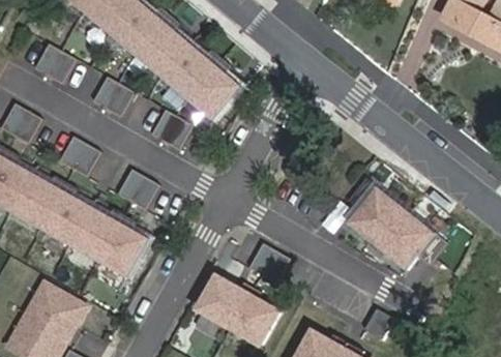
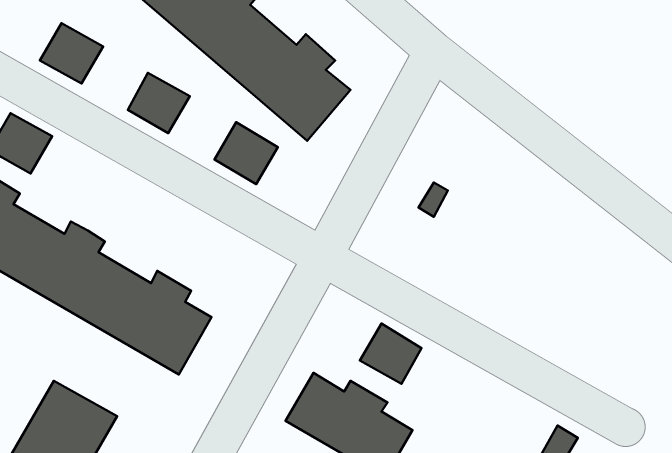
building: [58,136,99,176] -> none
building: [116,169,158,209] -> none
building: [348,179,448,272] -> none

